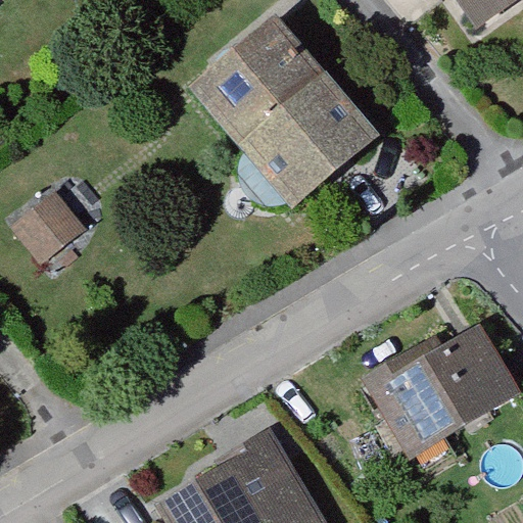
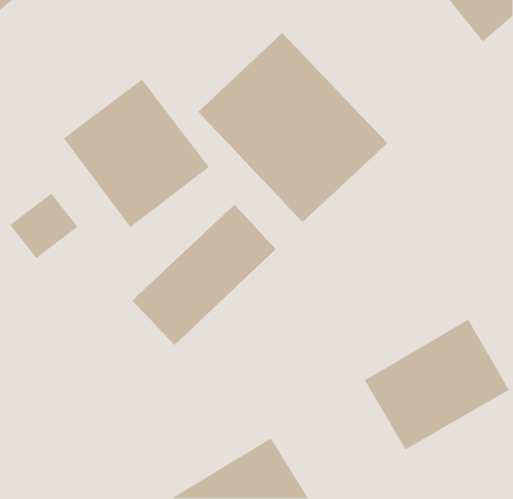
building: none -> [63,78,210,228]
building: none -> [131,204,276,346]

